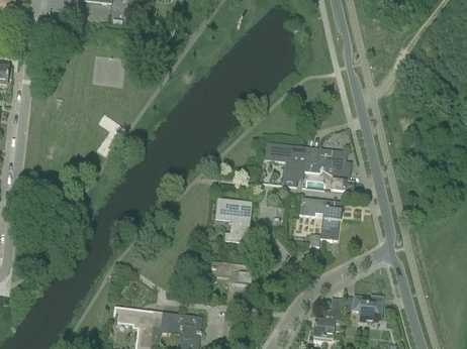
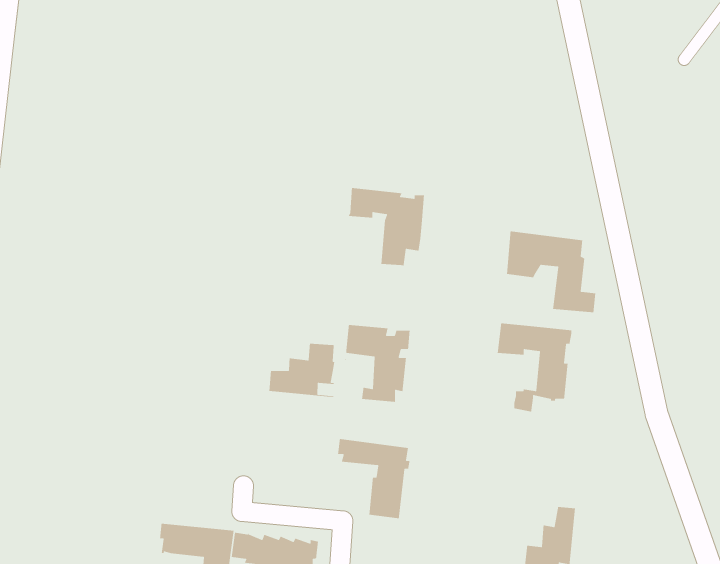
building: [264,142,306,186] -> [348,187,425,266]
building: none -> [268,343,338,398]
building: [352,294,383,322] -> none

